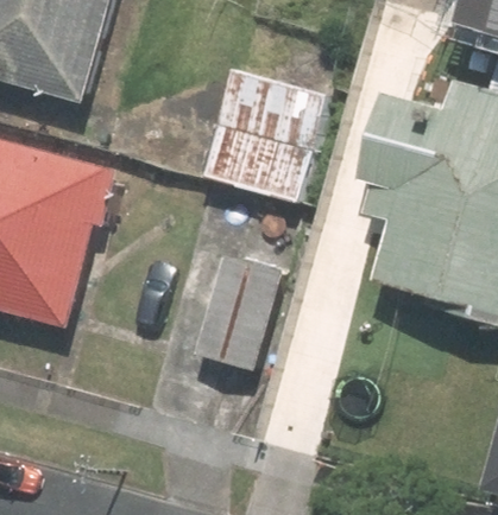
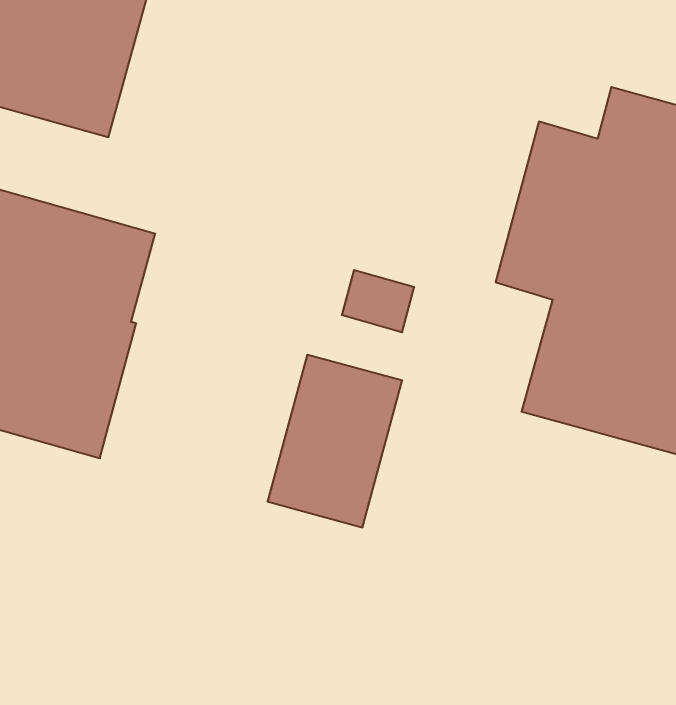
building: [202,66,328,197] -> none

